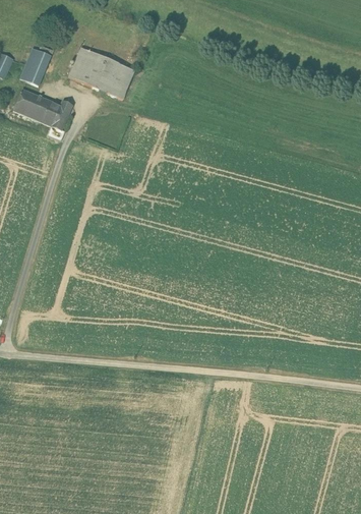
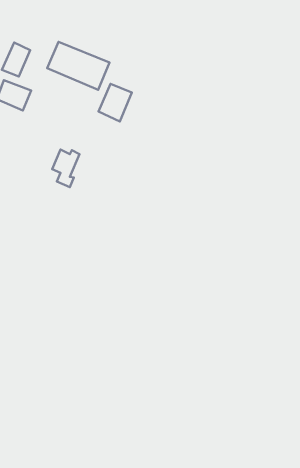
building: none -> [98,84,132,122]
building: [42,100,71,140] -> [52,149,79,187]

